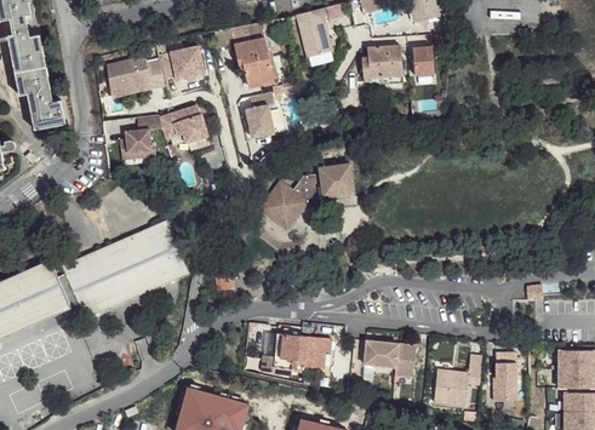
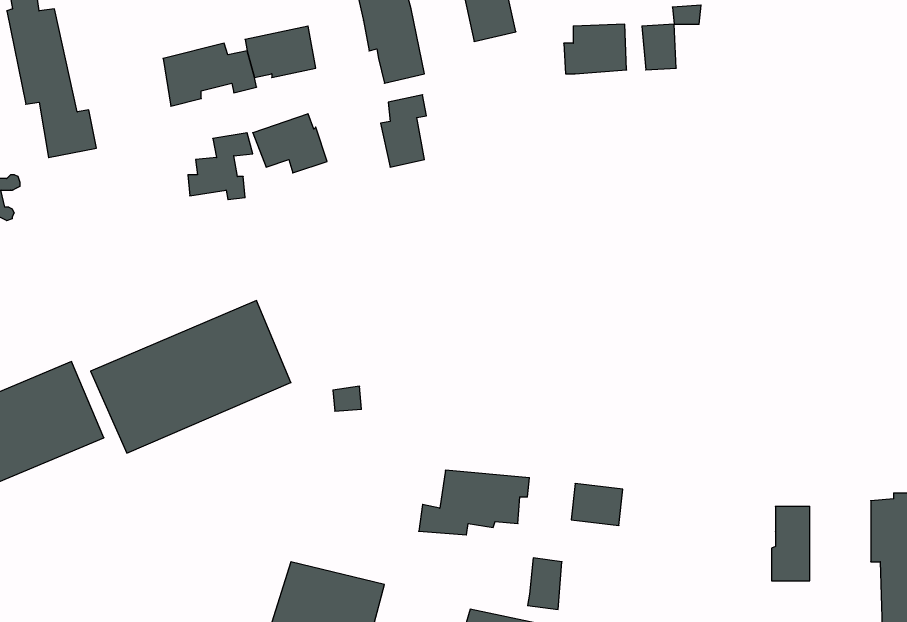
building: [258,165,355,224] -> none
building: [395,342,417,374] -> [528,558,562,609]
building: [434,354,482,405] -> none

